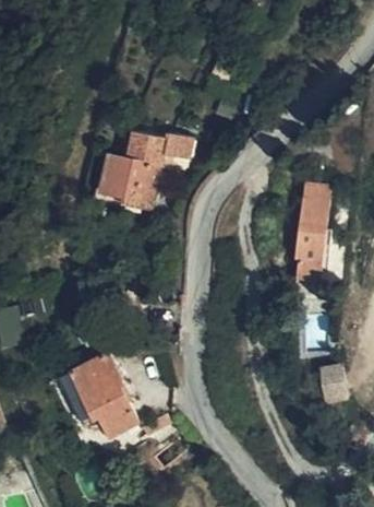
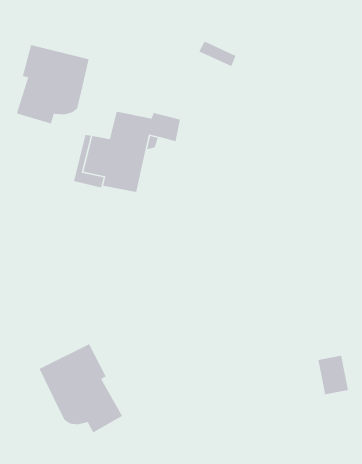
building: none -> [16,44,90,125]
building: [297,179,334,283] -> none

